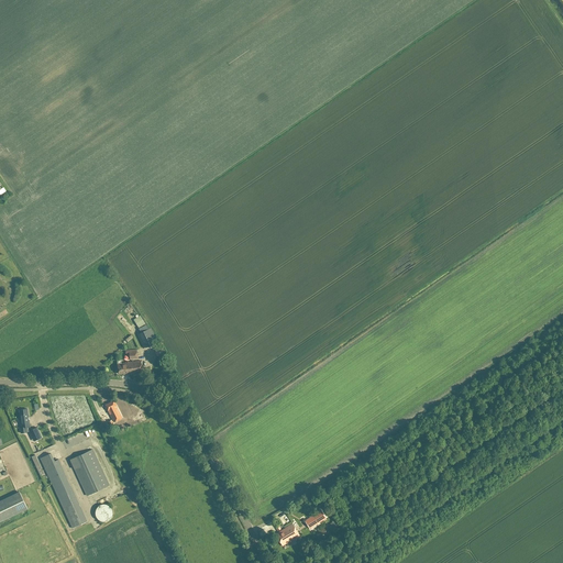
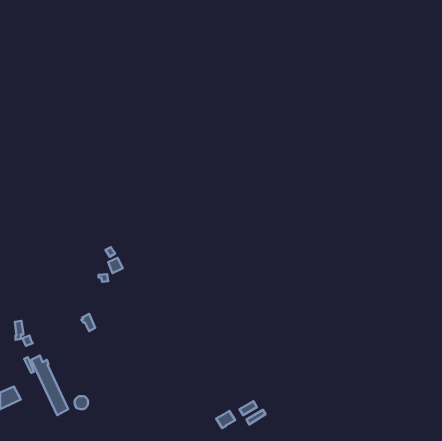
building: [70,449,109,495] -> none

